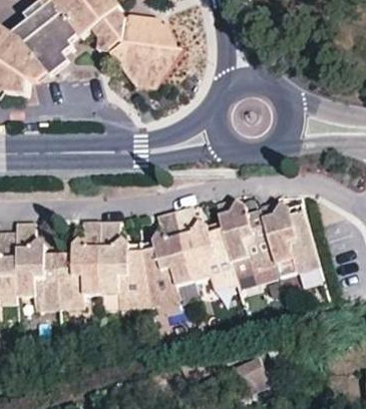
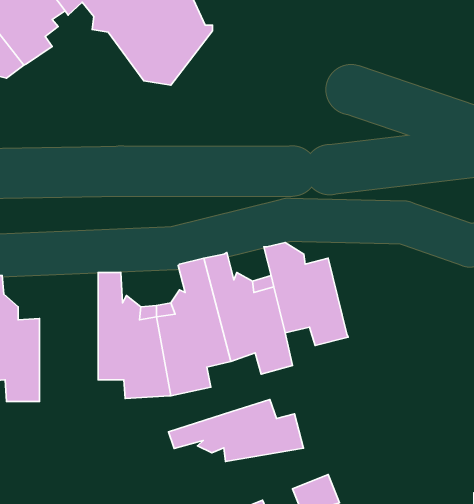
building: [262,201,320,275] -> none
building: [60,222,101,312] -> none
building: none -> [168,400,303,461]

